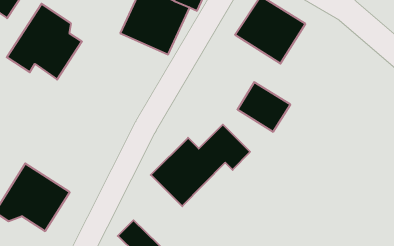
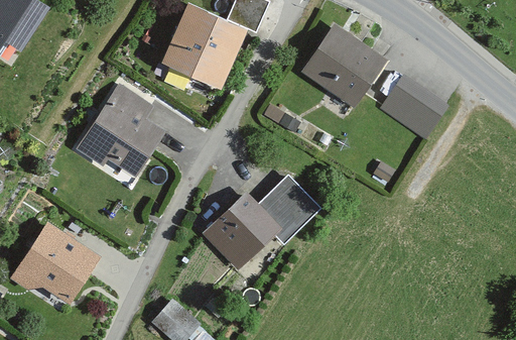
building: [7,4,82,80] -> [73,87,164,180]
building: [237,82,290,132] -> [383,72,447,132]

